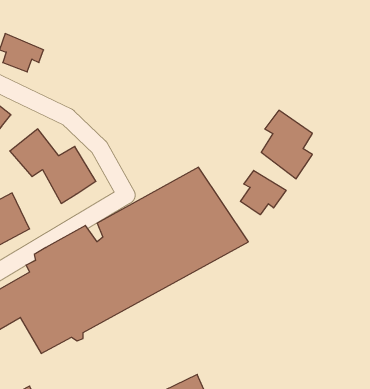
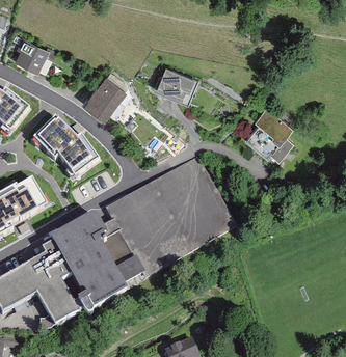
building: none -> [156,65,197,102]
building: none -> [85,75,127,118]
building: [240,170,286,215] -> none

